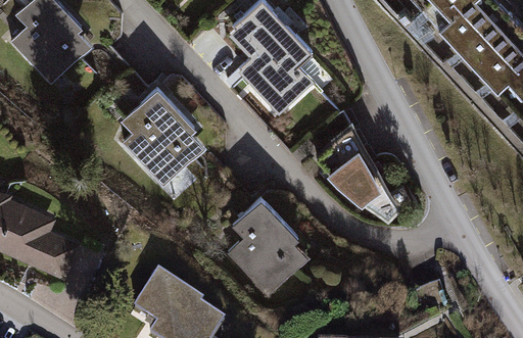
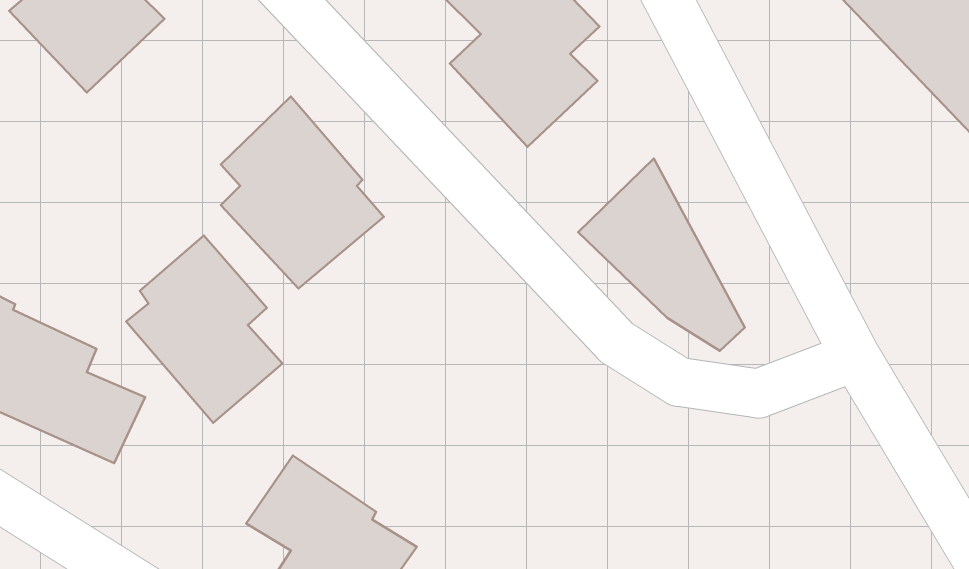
building: none -> [126,236,282,423]
building: [226,197,307,296] -> none

